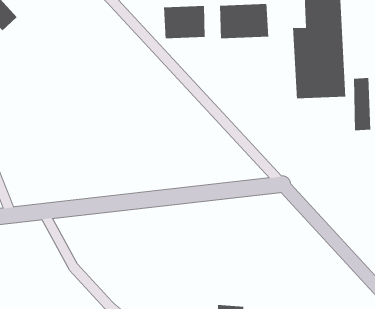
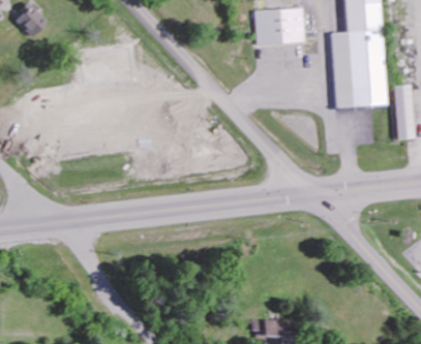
building: [163,5,206,39] -> none

